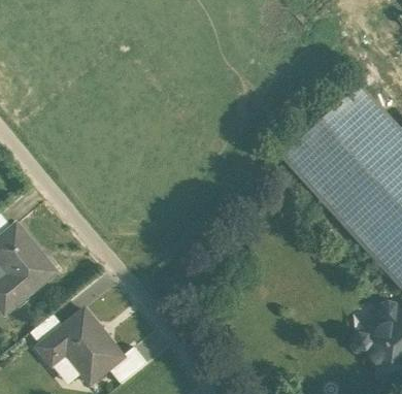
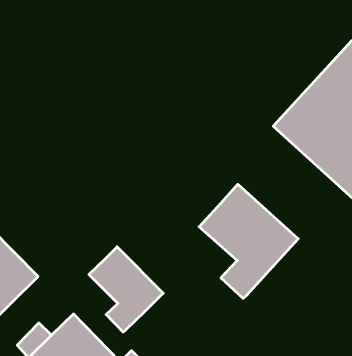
building: none -> [199,184,298,298]
building: none -> [89,247,163,332]

